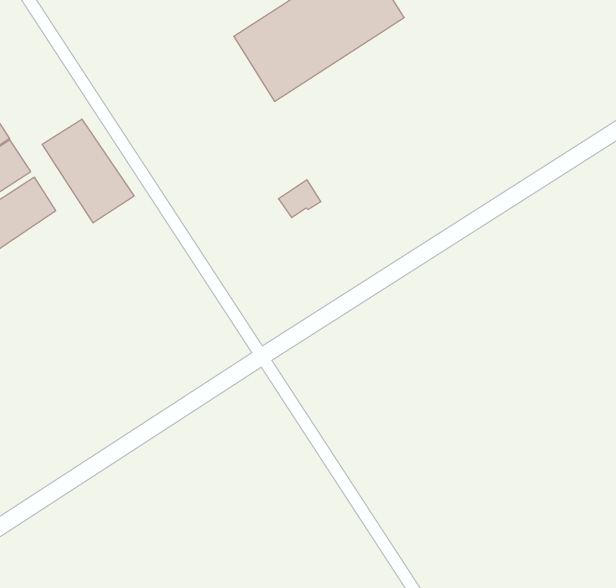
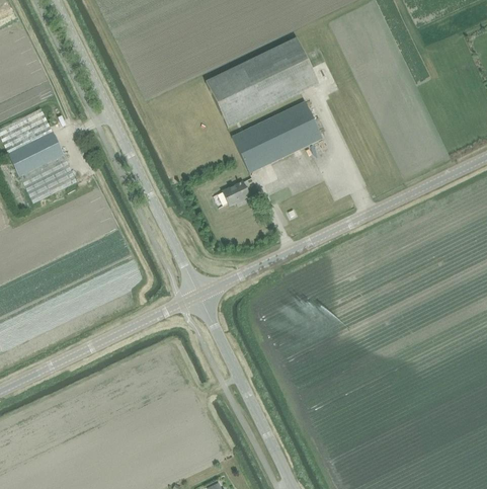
building: none -> [231,99,322,172]
building: [42,119,134,223] -> none

